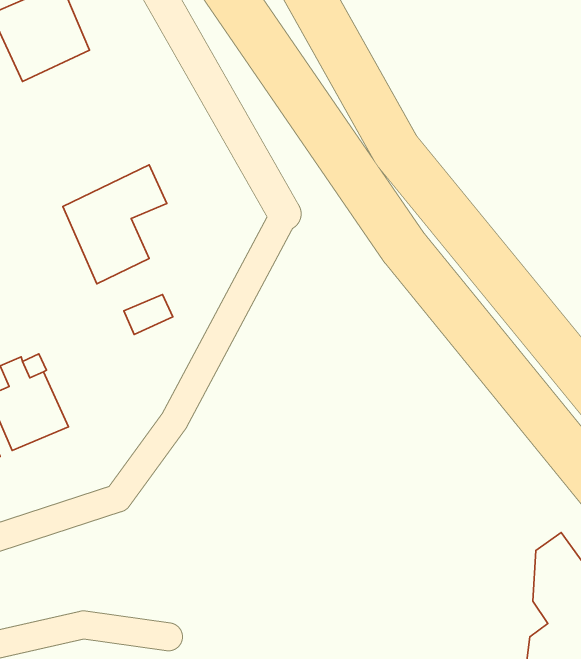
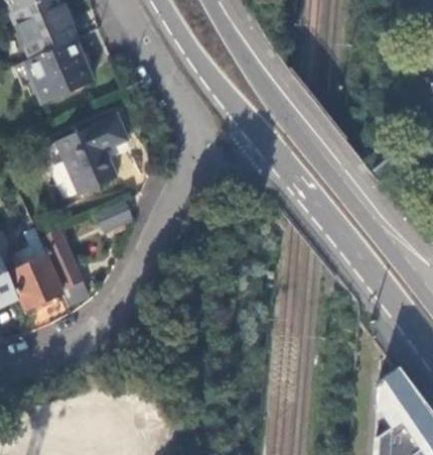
building: none -> [24,37,96,103]
building: none -> [40,228,89,303]

